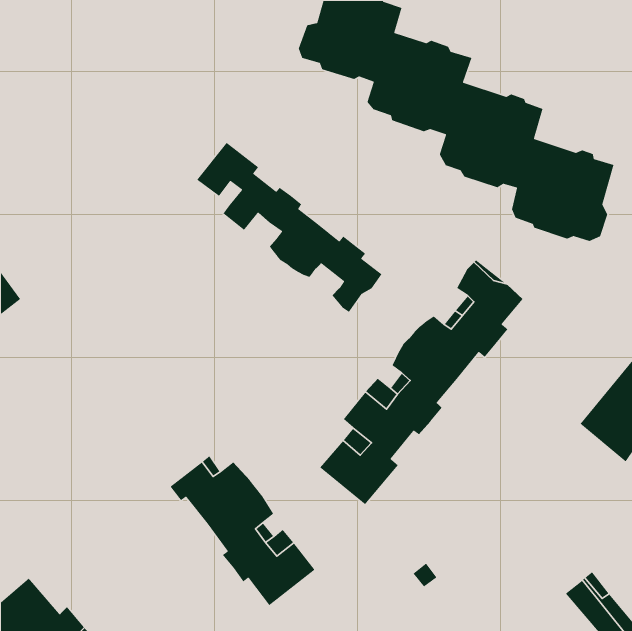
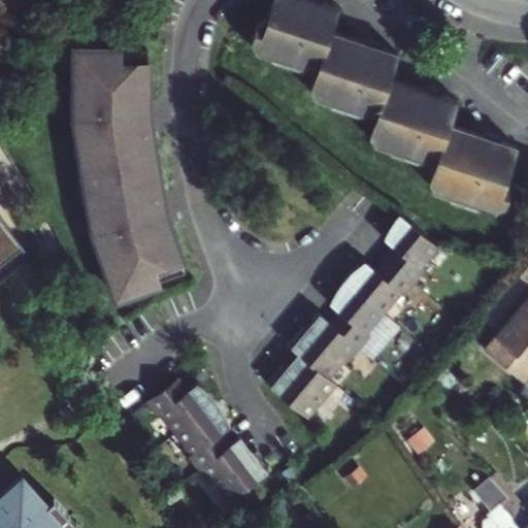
building: none -> [73,55,184,302]
building: [196,142,383,313] -> none

